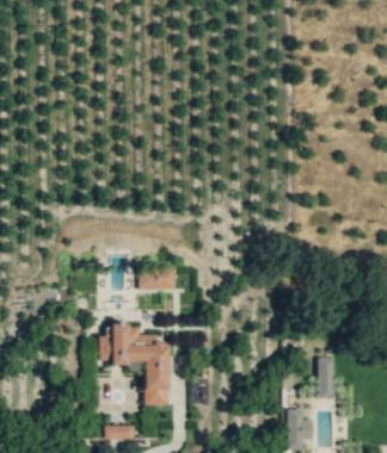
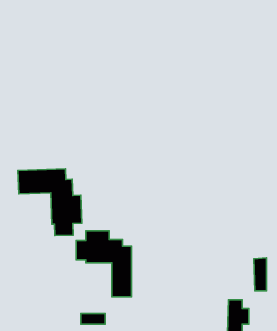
building: none -> [18,169,82,236]
building: [137,268,176,290] -> none

